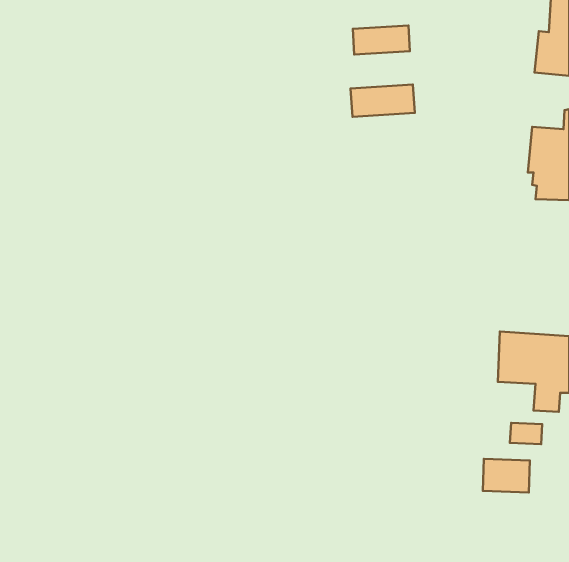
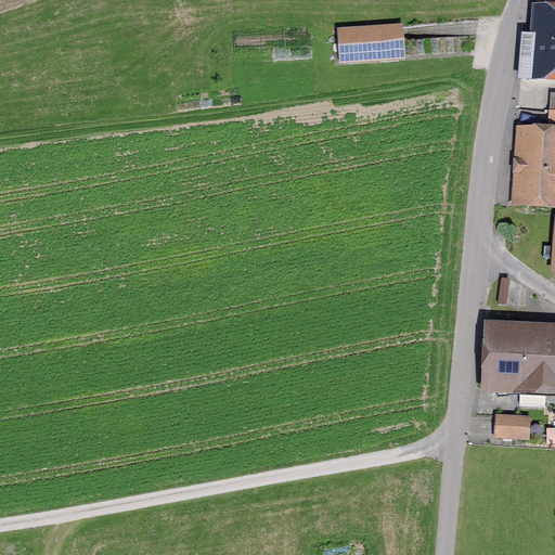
building: [350,85,415,117] -> none
building: [483,459,530,493] -> none

